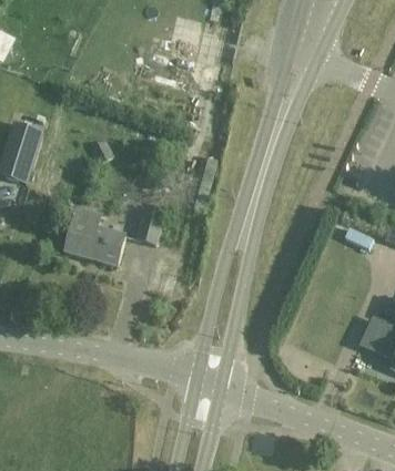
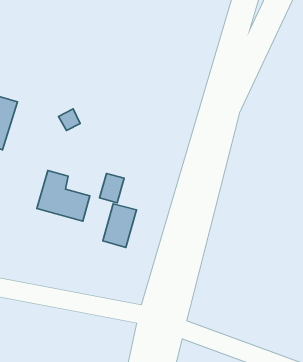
building: none -> [103,204,136,247]

